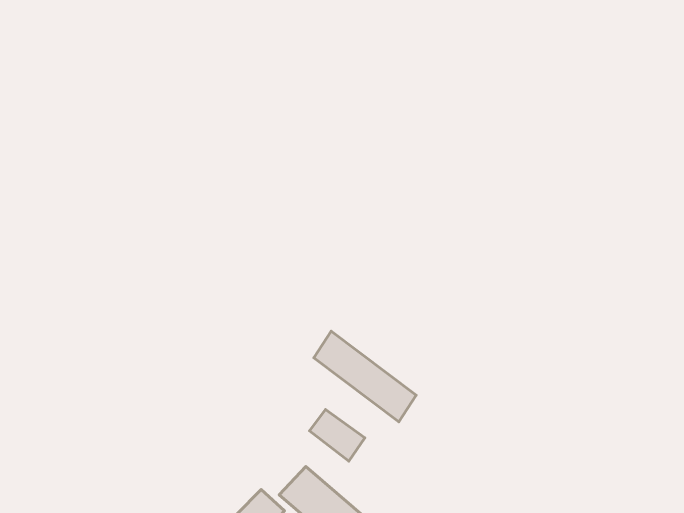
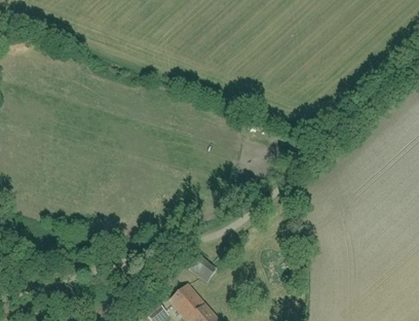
building: [314,331,416,422] -> none

